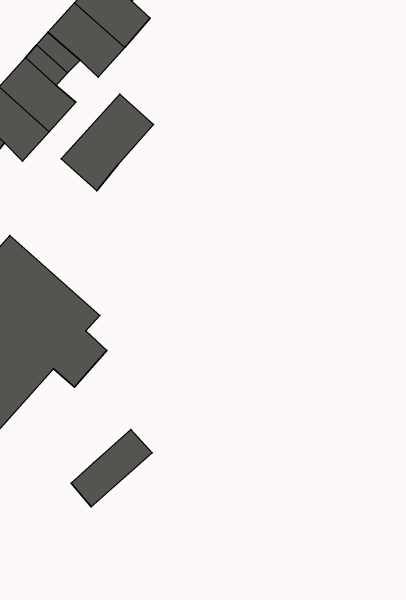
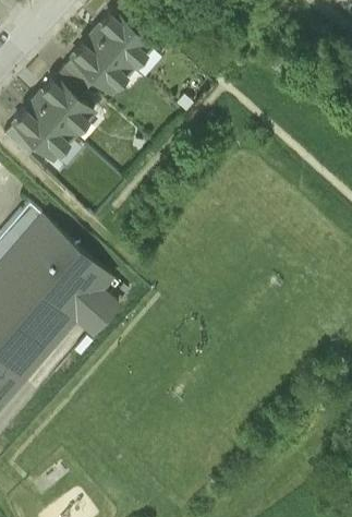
building: [61,94,154,191] -> none
building: [71,429,152,507] -> none

